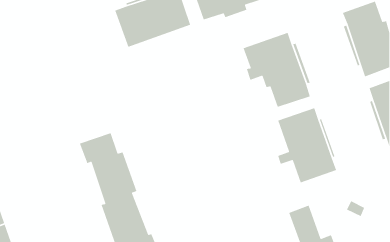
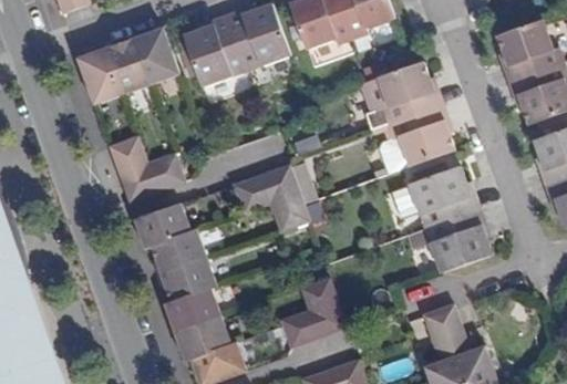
building: none -> [80,29,179,106]
building: none -> [111,137,184,203]
building: none -> [234,166,309,232]
building: none -> [280,279,347,349]

